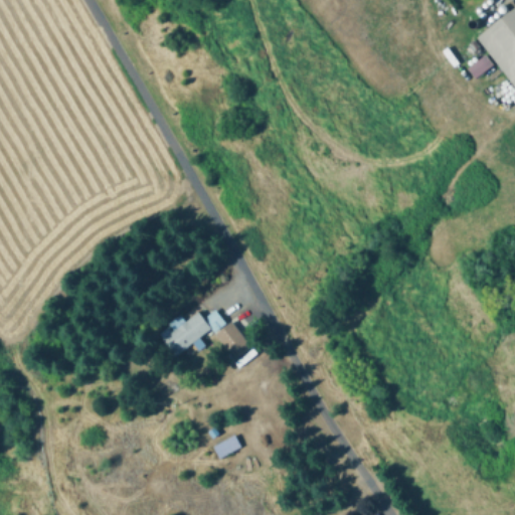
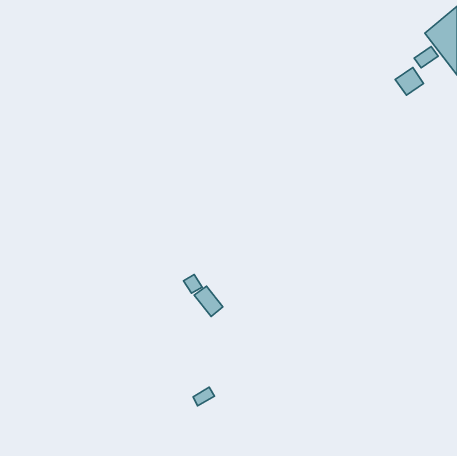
building: none -> [395,67,423,95]
building: [163,313,210,354] -> none

